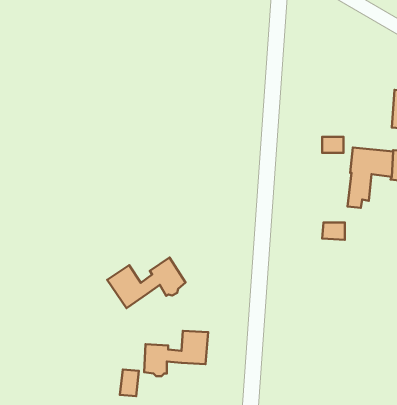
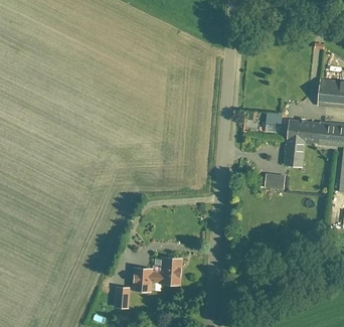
building: [107,257,186,308] -> none

